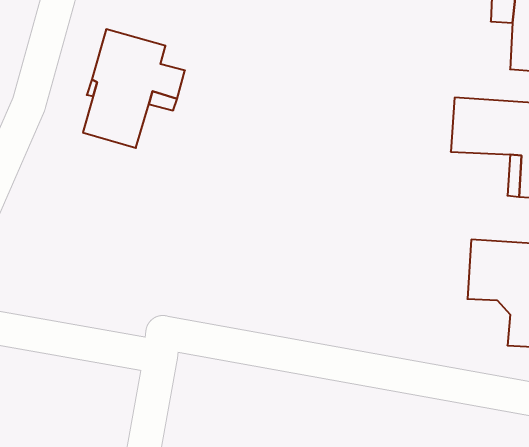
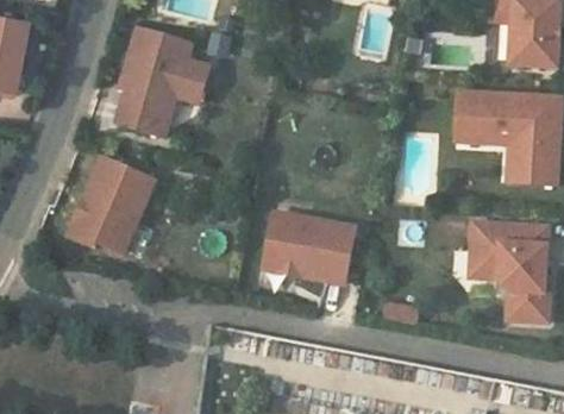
building: none -> [67,157,153,253]
building: none -> [263,211,353,283]

